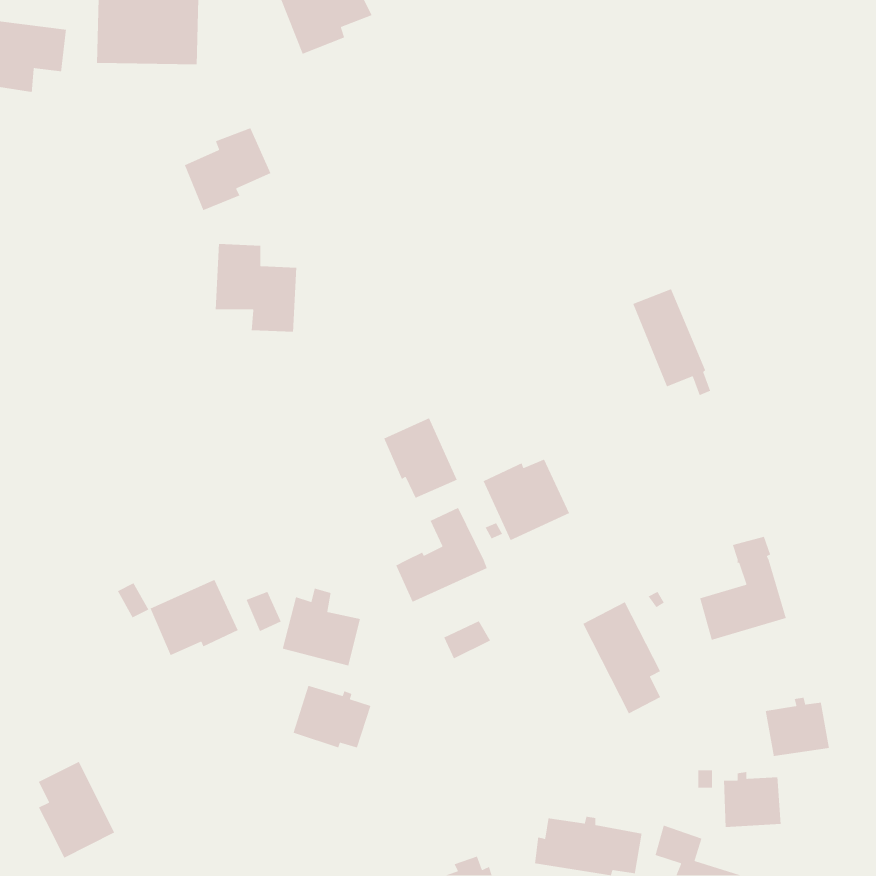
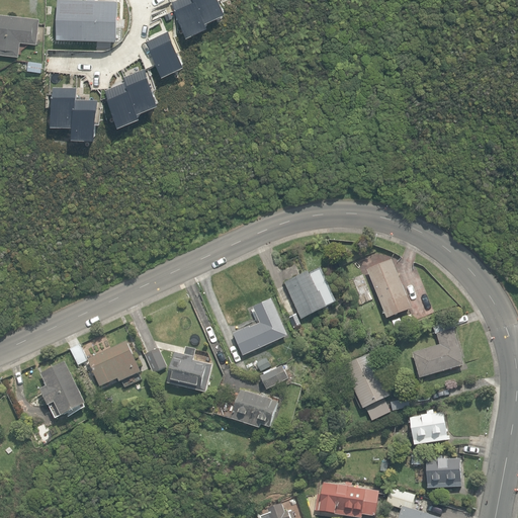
building: none -> [143,29,180,71]
building: [215,243,297,333] -> [50,85,98,138]
building: [632,288,711,396] -> [366,260,413,324]
building: [383,417,458,499] -> none
building: [292,685,371,749] -> [232,390,278,427]
building: [765,697,830,757] -> [409,409,447,444]
building: [38,761,115,859] -> [40,361,86,419]

